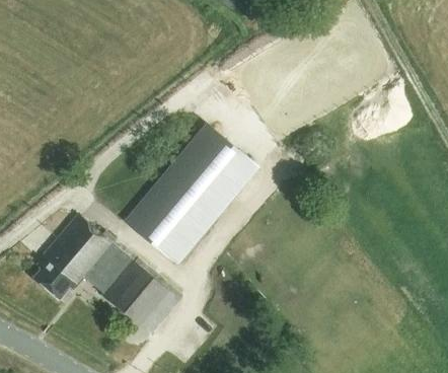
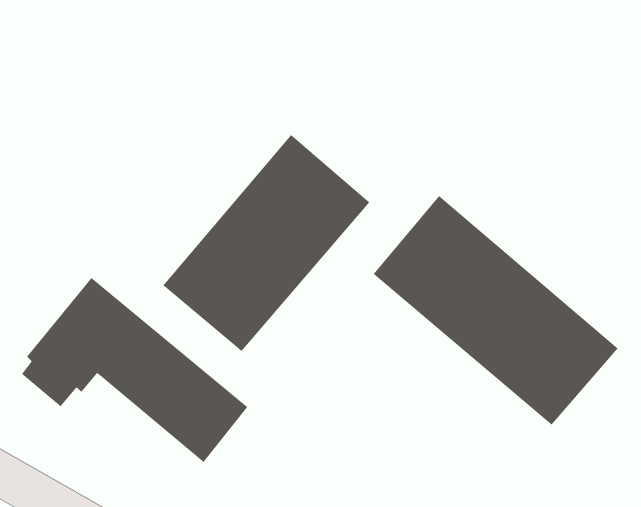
building: none -> [373,195,619,426]

